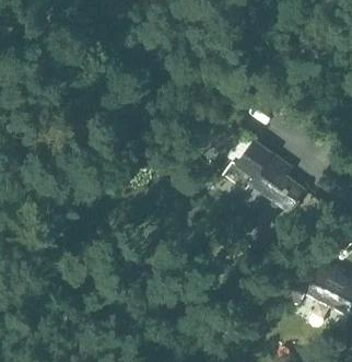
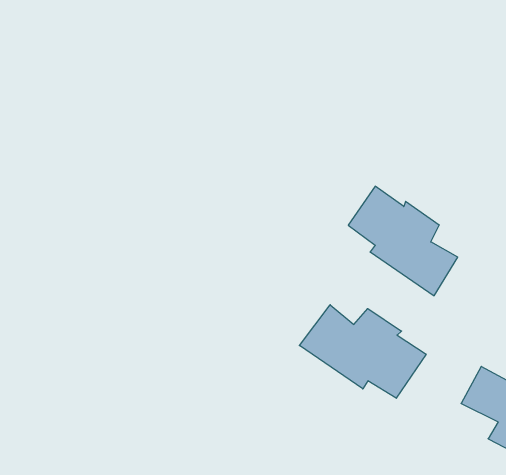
building: none -> [299,305,426,398]

